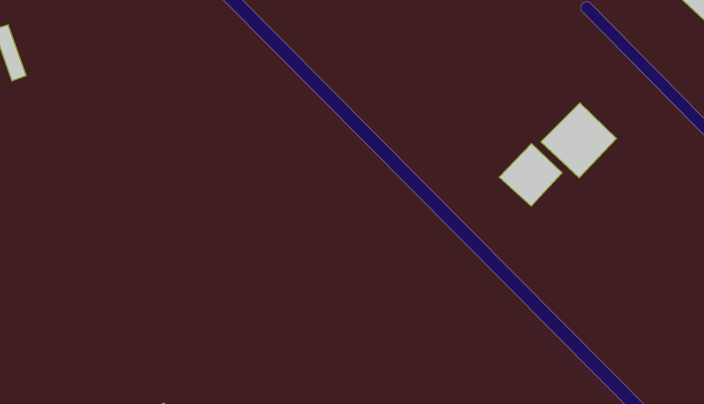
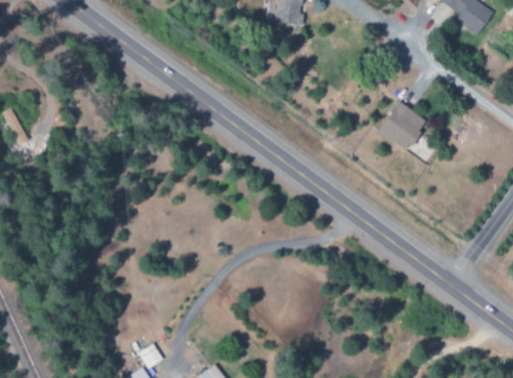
building: [499,144,562,206] -> none

